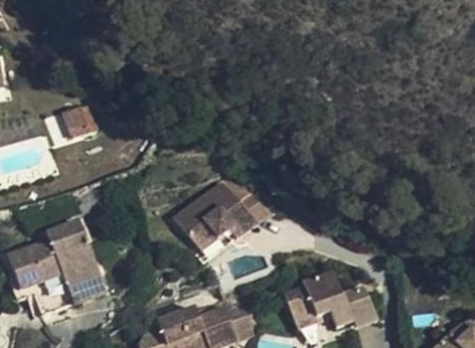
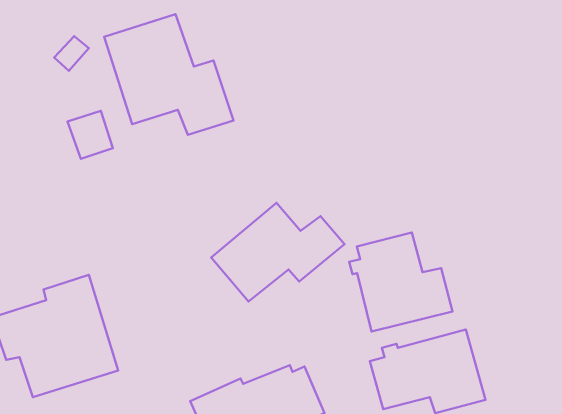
building: none -> [104,14,234,135]
building: none -> [349,233,453,332]

